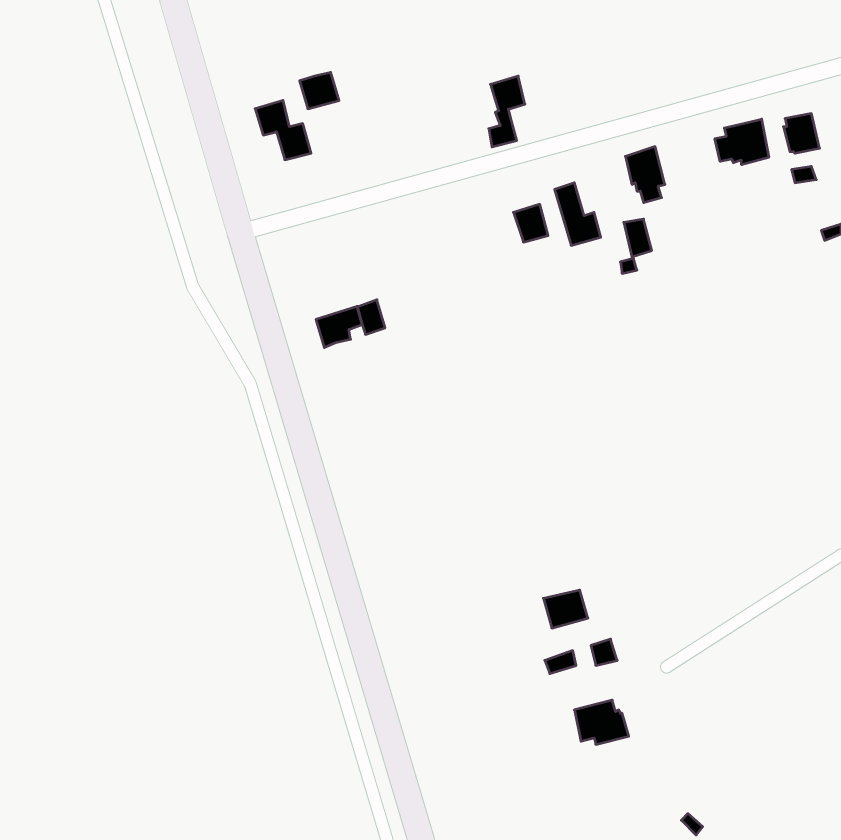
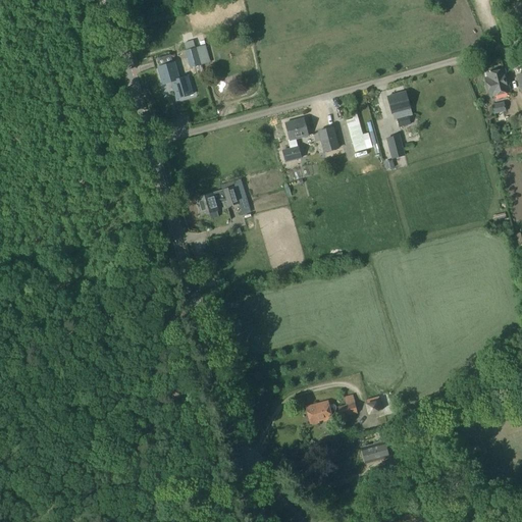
building: [489,76,525,147] -> [283,118,306,162]
building: [715,119,769,165] -> none
building: [543,590,588,628] -> [305,402,332,425]

